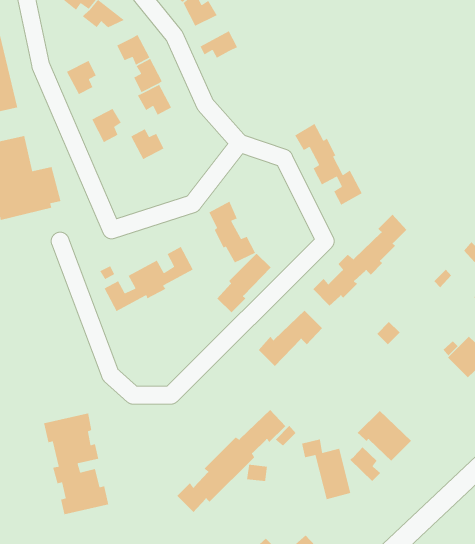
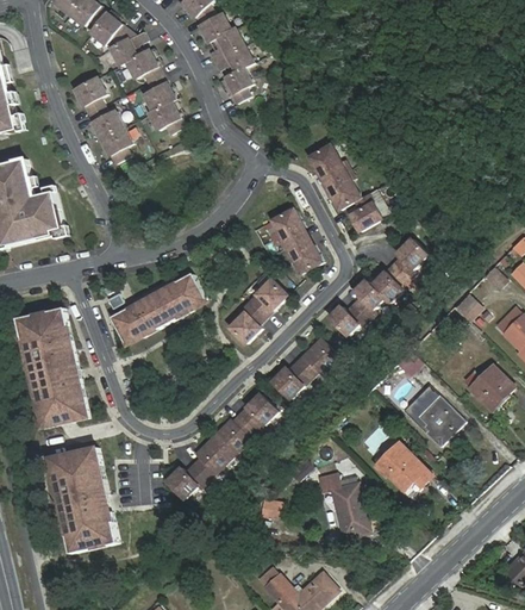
building: none -> [206,30,242,63]
building: none -> [108,32,144,66]
building: none -> [218,69,250,105]
building: [130,128,164,160] -> [85,106,120,139]
building: [208,201,256,263] -> [273,207,323,273]
building: none -> [17,306,89,428]
building: none -> [408,396,464,447]
building: [177,409,286,513] -> [163,390,277,498]
building: [349,446,381,482] -> none

